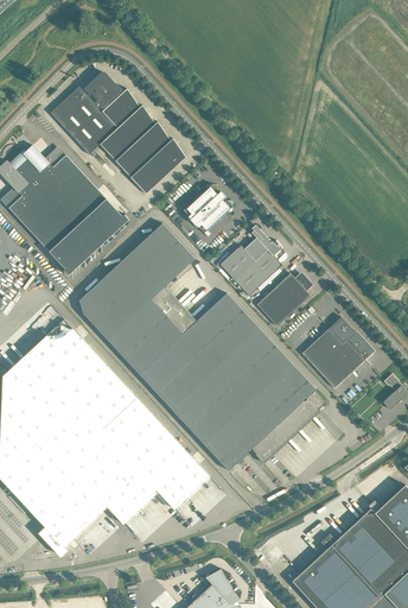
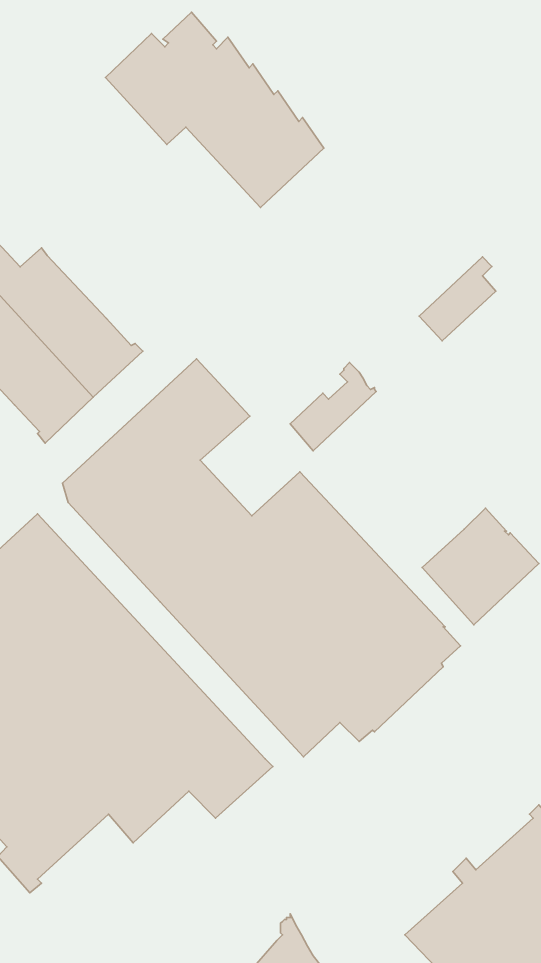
building: [50,72,185,194] -> [106,12,324,208]
building: [183,184,231,233] -> none
building: [234,243,281,296] -> [419,257,496,341]
building: [256,273,310,327] -> none

